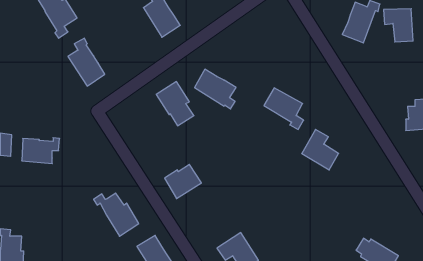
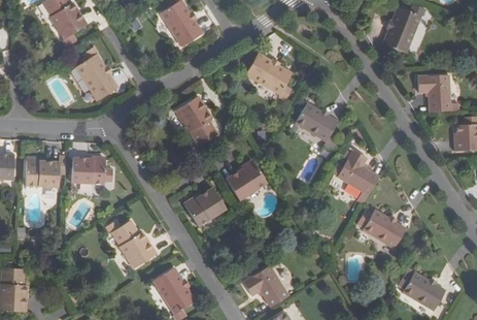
building: [384,9,413,42] -> [417,74,450,111]
building: [195,69,236,109] -> [246,54,293,98]
building: none -> [72,157,112,184]
building: none -> [227,161,266,200]
building: none -> [359,210,406,248]

